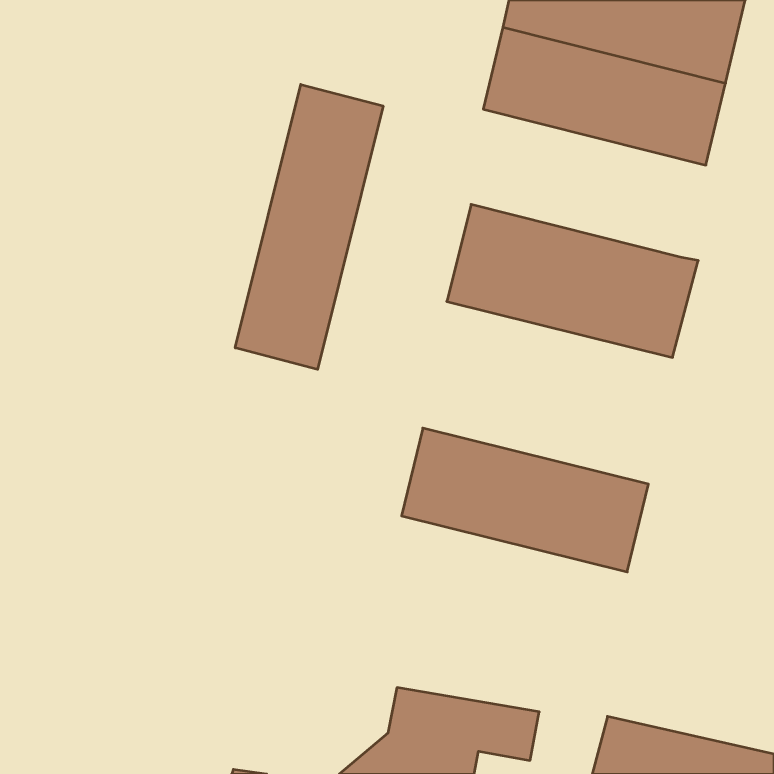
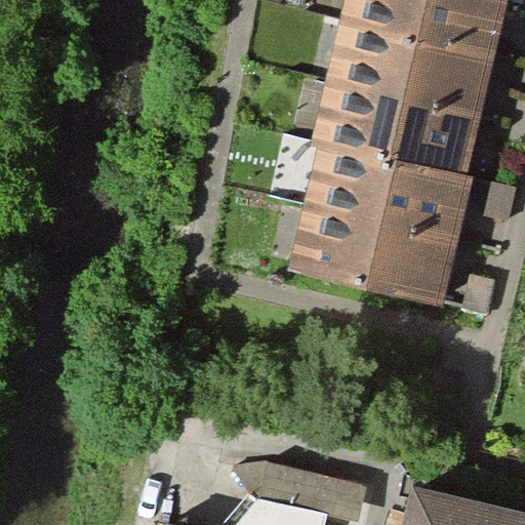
building: [235,84,383,369] -> none
building: none -> [311,74,478,174]
building: [402,428,648,572] -> [288,204,455,301]

